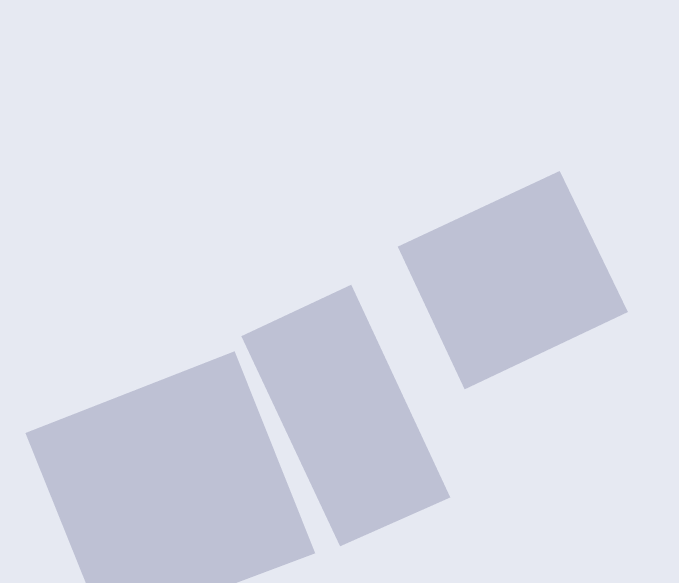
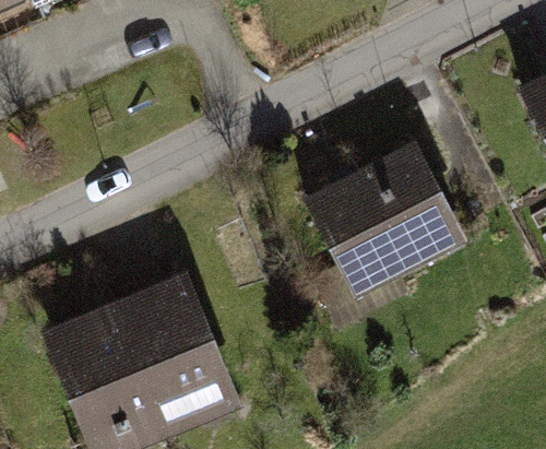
building: [241,284,451,547] -> none

